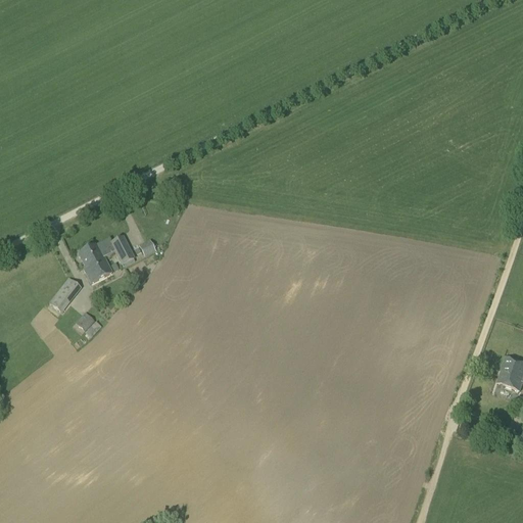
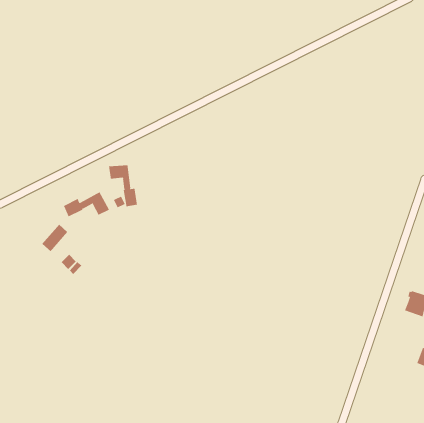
building: none -> [108,165,138,207]
building: [84,255,113,283] -> none

